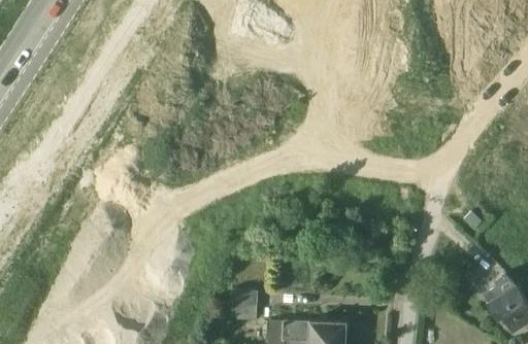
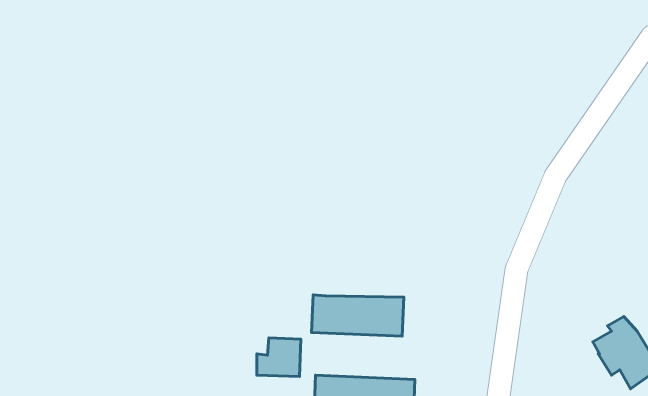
building: none -> [312,295,404,336]

